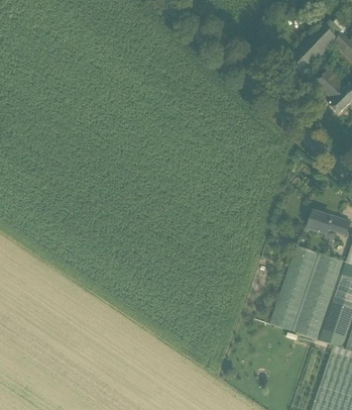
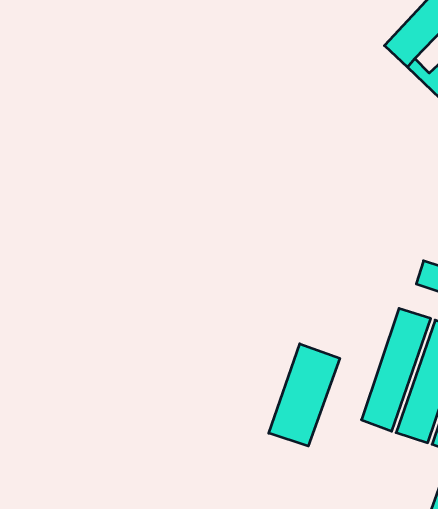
building: none -> [269,344,340,446]

